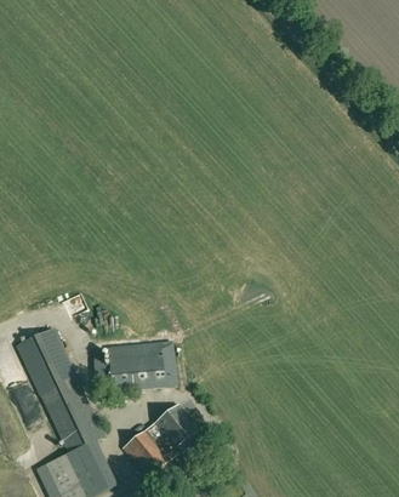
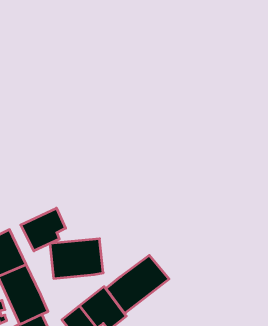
building: none -> [21,208,66,251]
building: none -> [106,255,169,313]

